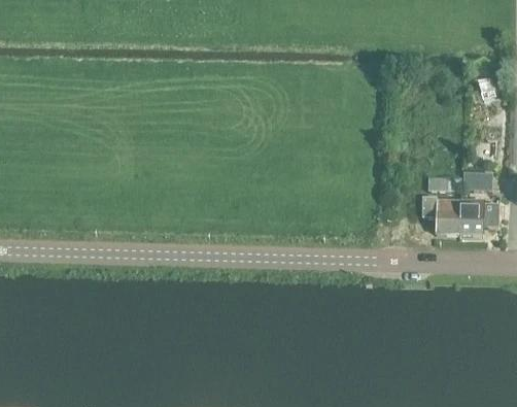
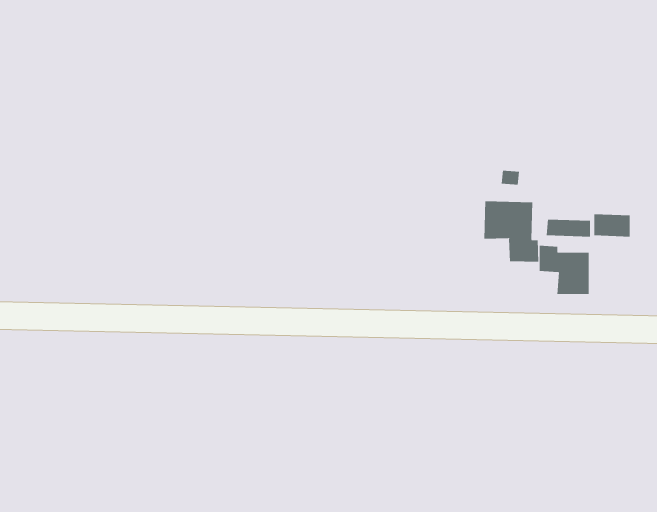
building: none -> [484,200,539,263]
building: [460,202,499,234] -> none

